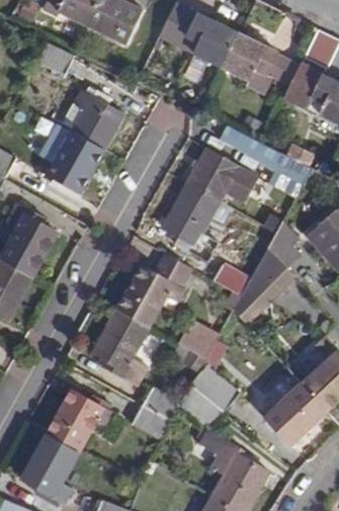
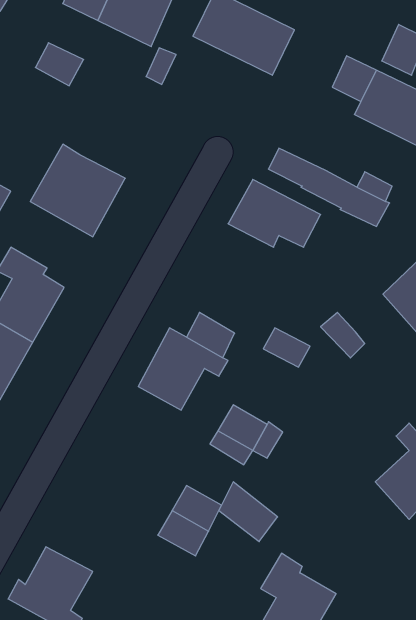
building: [220,32,277,81] -> none
building: [62,86,123,148] -> none
building: [161,183,221,252] -> none
building: [266,221,299,267] -> none
building: [232,263,280,322] -> none
building: [91,310,149,386] -> none
building: [189,364,240,411] -> none
building: [263,384,326,446] -> none
building: [44,389,114,453] -> none

